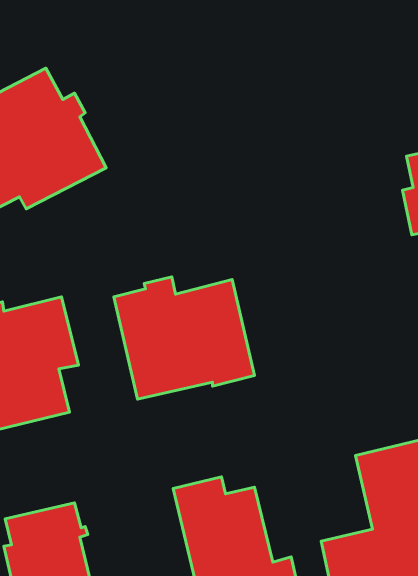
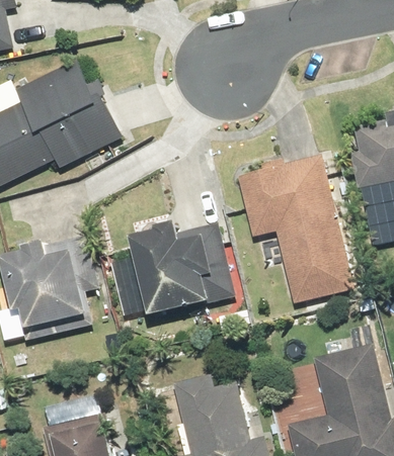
building: none -> [237,155,353,303]

